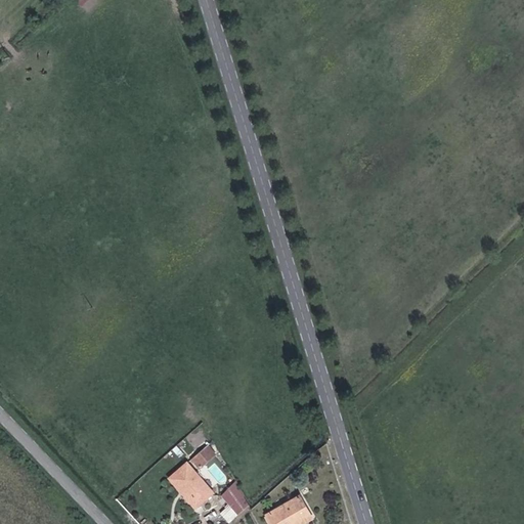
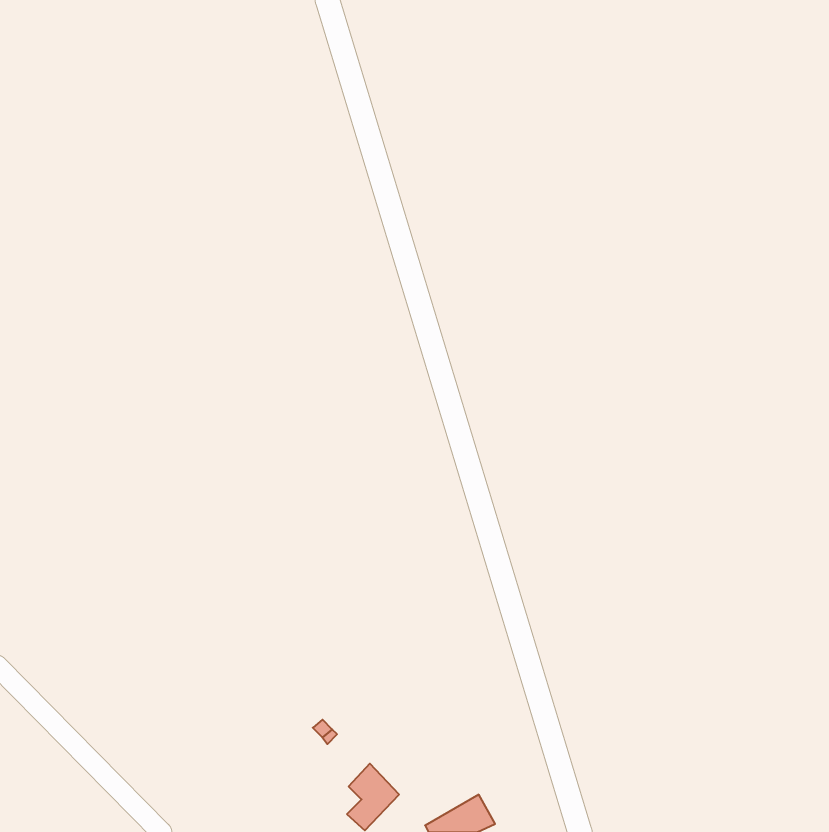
building: [170,464,212,508] -> none

